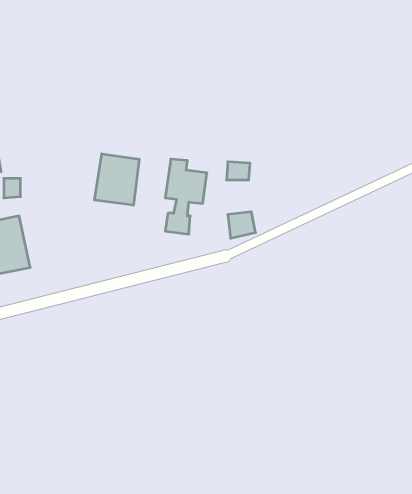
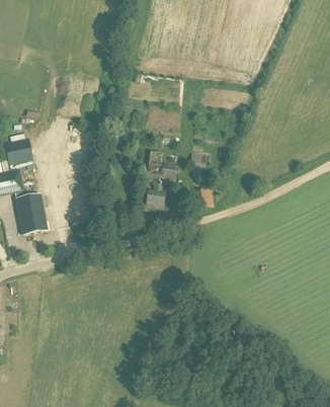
building: [94,154,139,205] -> none

